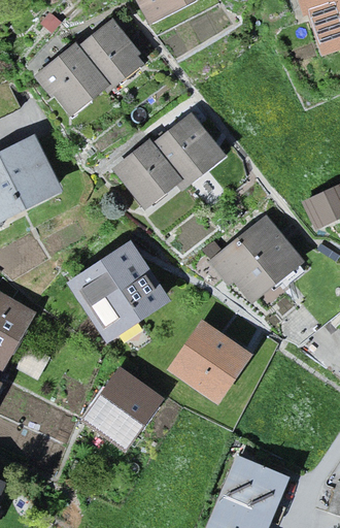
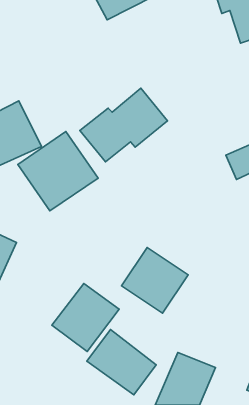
building: [36,21,147,112] -> none
building: [210,219,298,302] -> none
building: [69,242,172,344] -> [18,132,98,211]
building: none -> [87,330,156,395]

